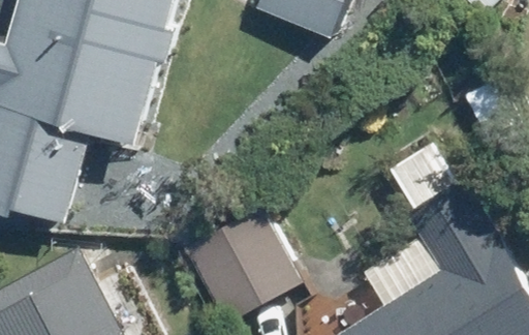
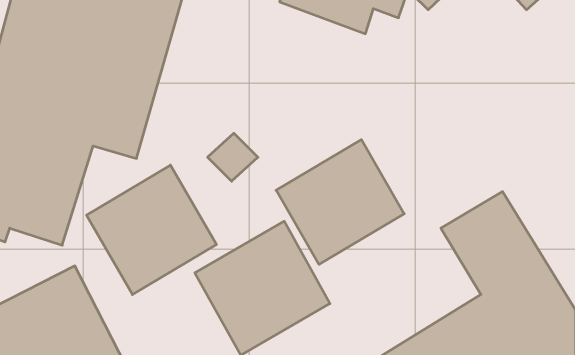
building: none -> [276,140,404,264]
building: none -> [87,165,216,295]

